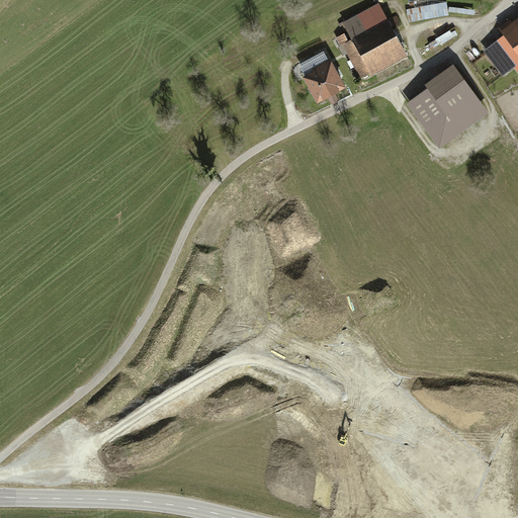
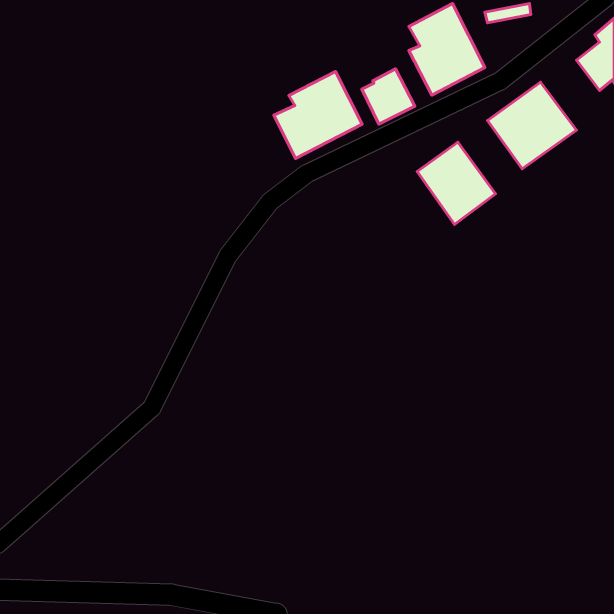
building: none -> [274,71,362,159]
building: none -> [417,142,495,224]

